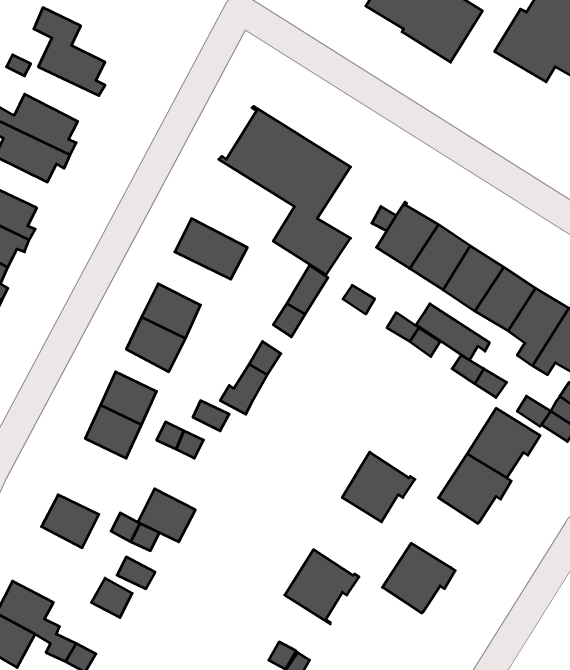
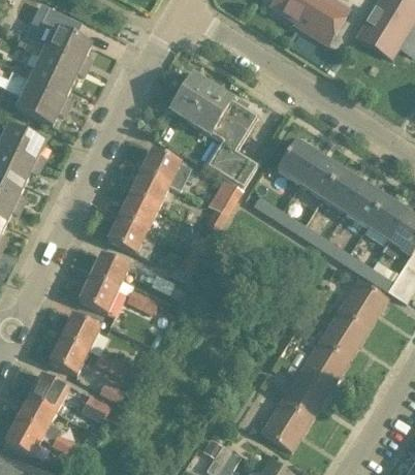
building: none -> [37,46,88,84]
building: none -> [128,172,178,209]
building: [416,304,489,360] -> none
building: [342,452,415,522] -> [300,340,350,387]
building: [138,489,195,542] -> [60,315,99,351]
building: none -> [29,374,68,411]
building: [285,550,359,624] -> [261,401,312,451]

